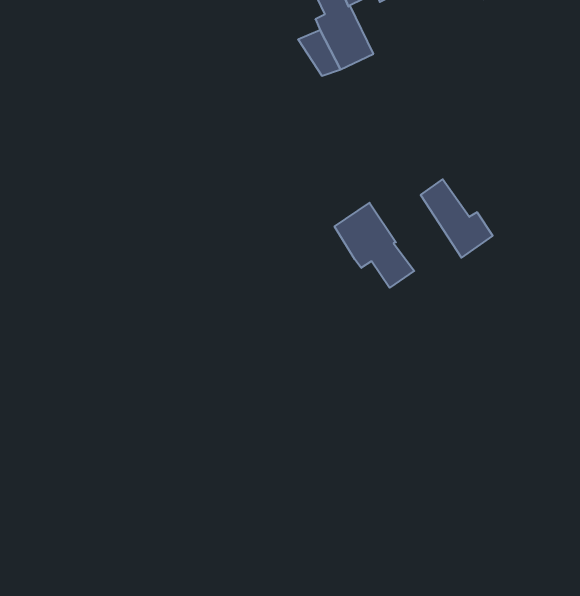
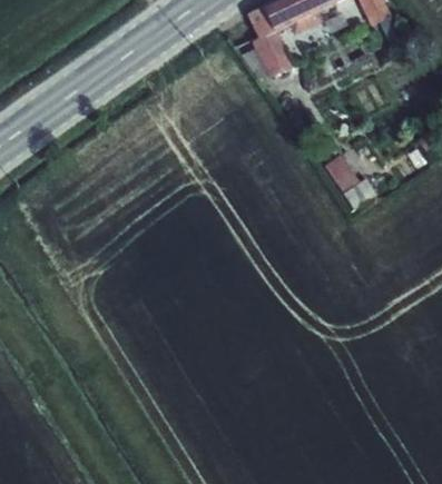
building: [335,203,414,288] -> none

